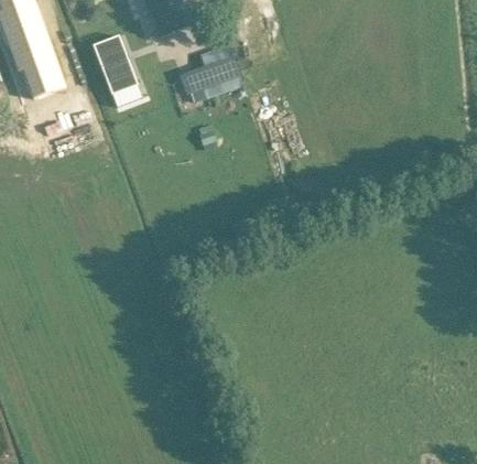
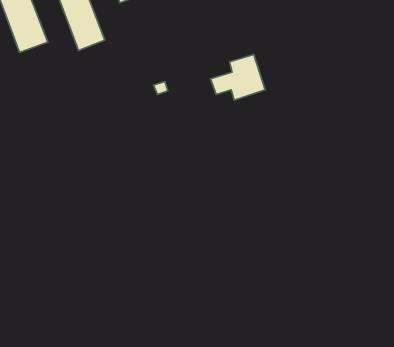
building: [174,47,238,101] -> [211,54,265,100]

